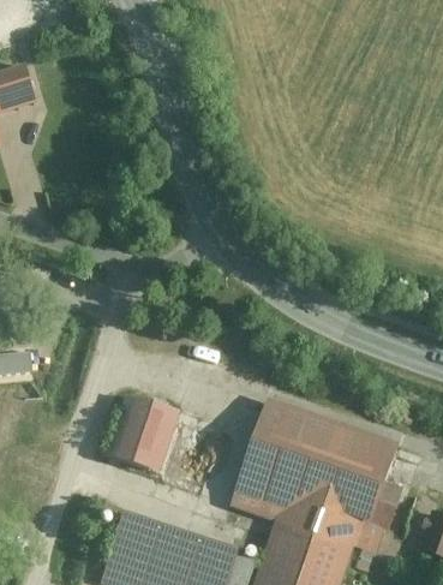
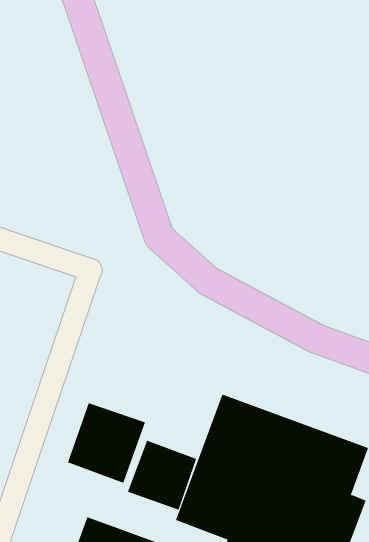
building: none -> [127,440,197,511]

